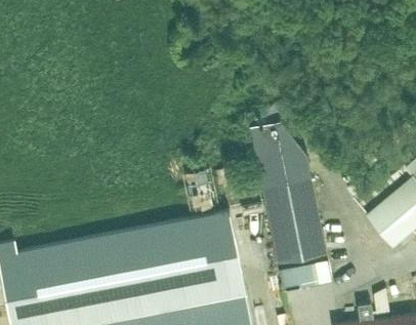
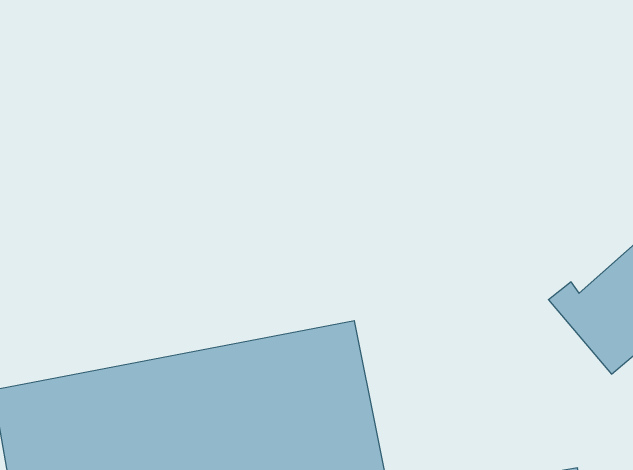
building: [251,115,331,288] -> none

